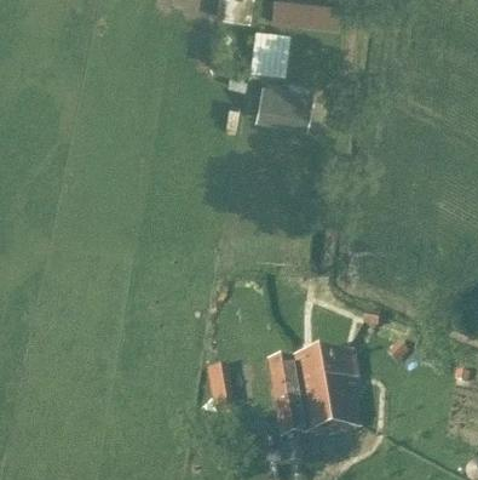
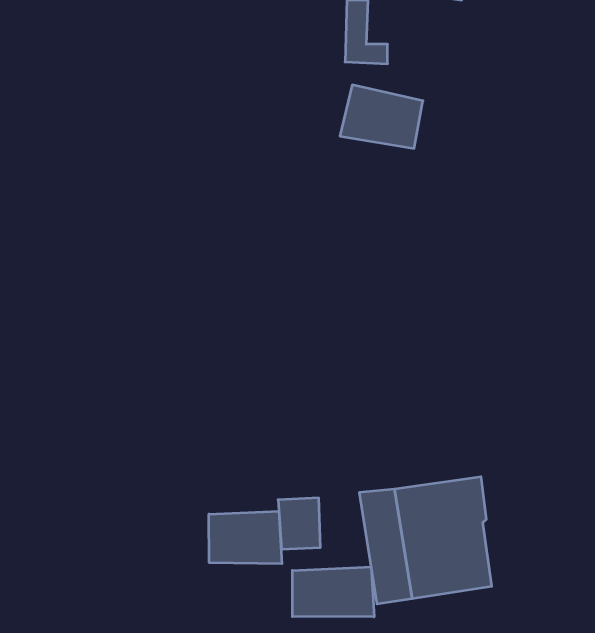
building: none -> [209,511,282,564]
building: none -> [292,567,374,617]

